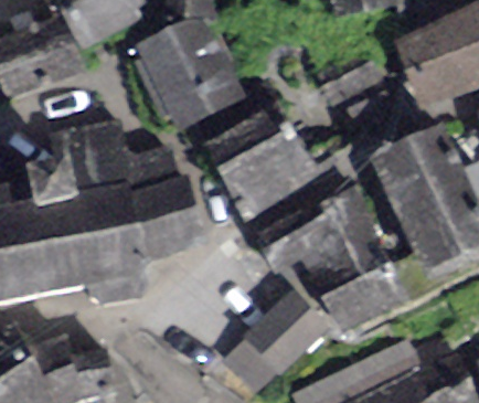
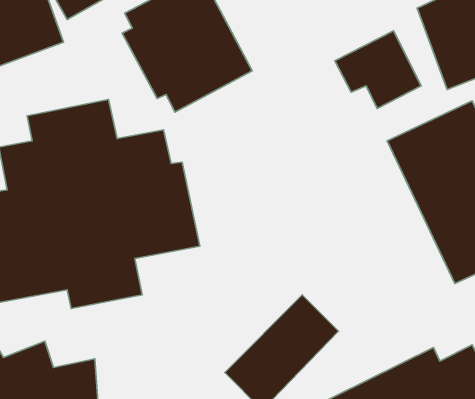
building: [202,109,326,226] -> none
building: [256,188,409,336] -> none

